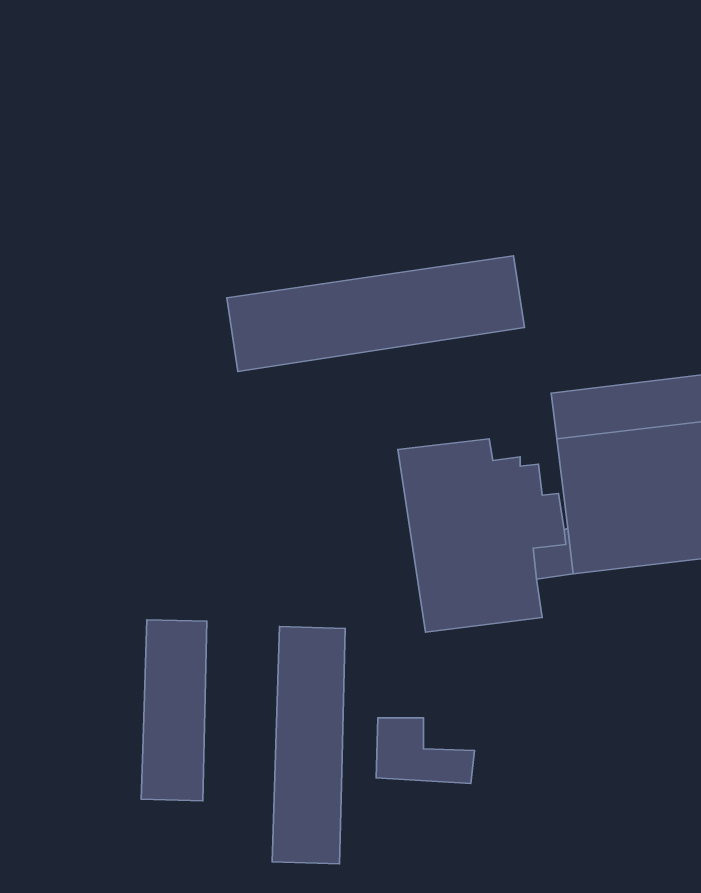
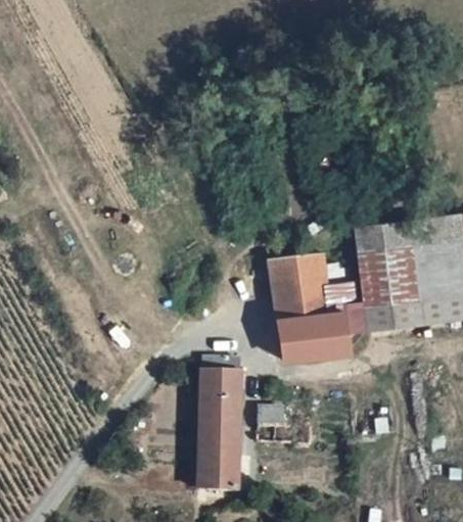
building: [227,256,524,371] -> none
building: [141,620,207,801] -> none

